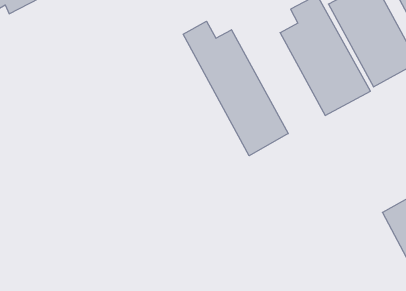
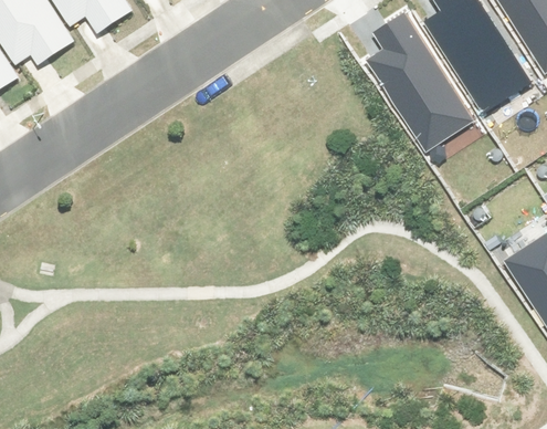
building: [183,21,288,156] -> none

